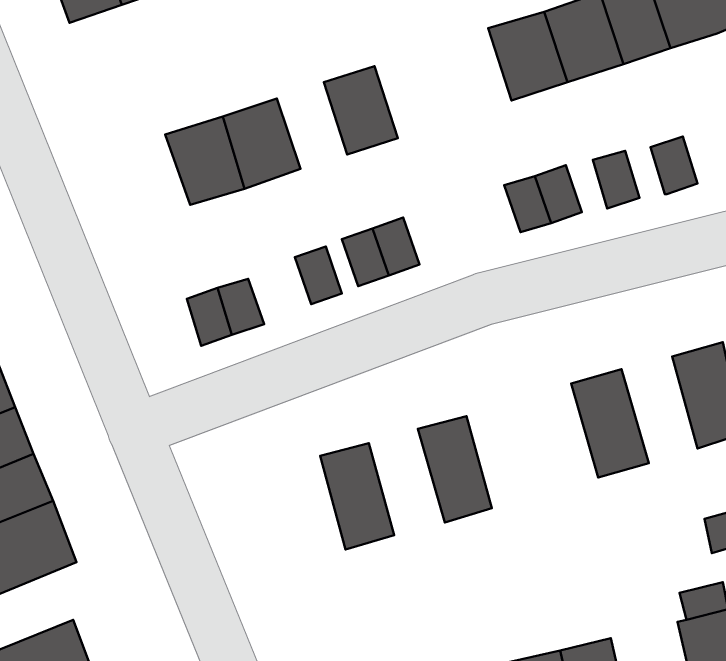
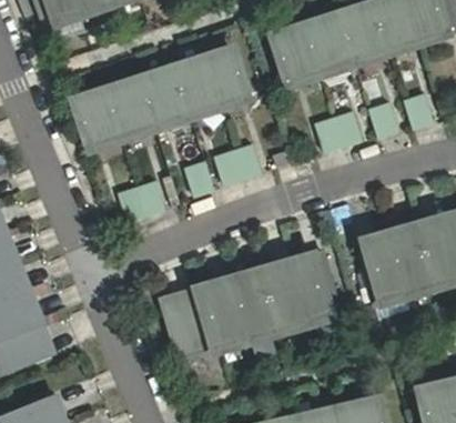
building: none -> [274,27,318,81]
building: none -> [174,60,217,113]
building: none -> [75,92,121,145]
building: none -> [386,229,433,294]
building: none -> [291,255,341,322]
building: none -> [231,273,277,339]
building: none -> [165,290,216,356]

